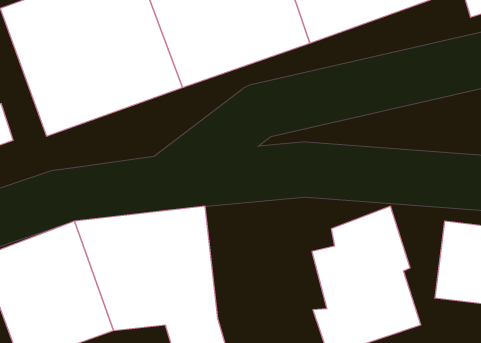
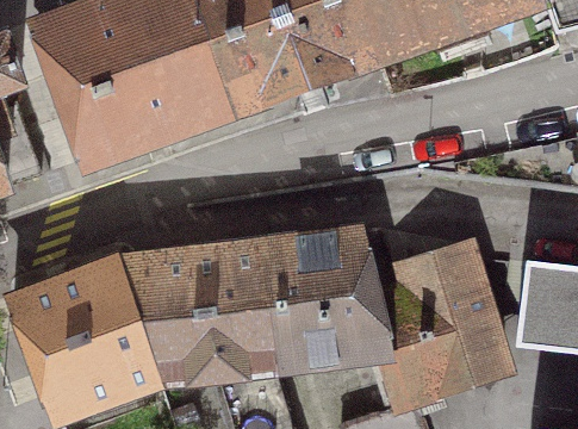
building: none -> [261,228,396,366]

